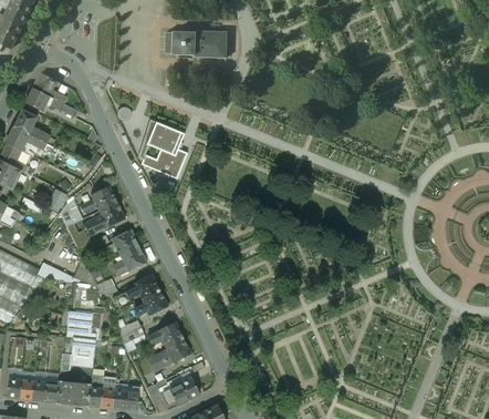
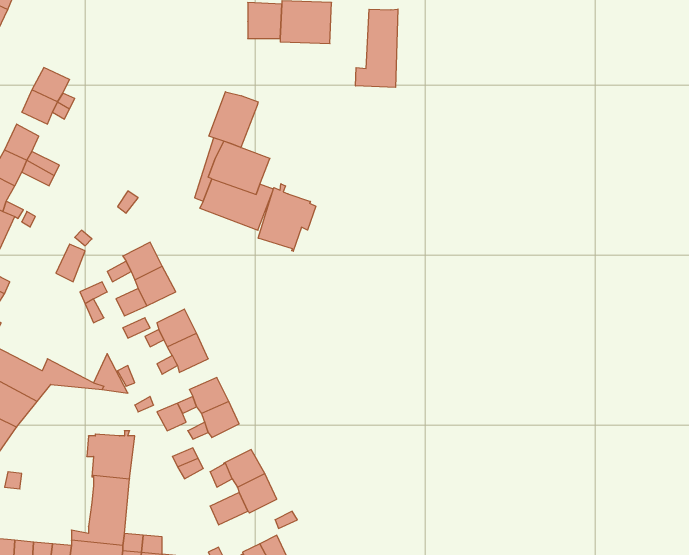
building: none -> [356,9,398,87]
building: none -> [209,92,258,148]
building: none -> [258,184,316,251]

